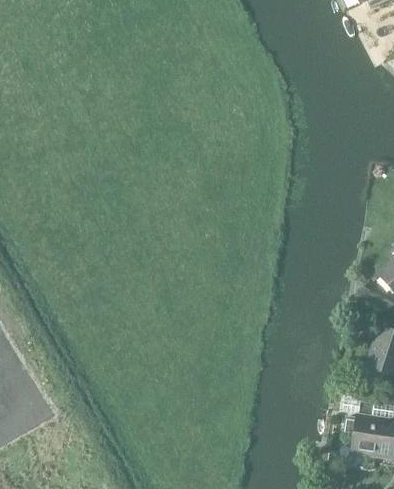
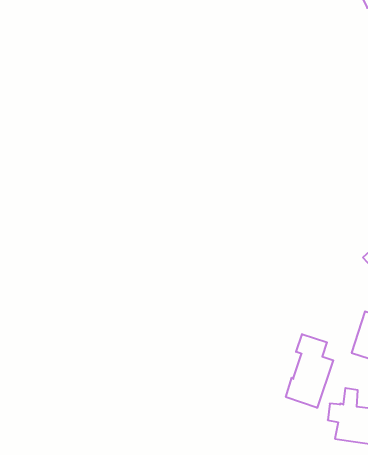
building: none -> [286,334,333,408]

